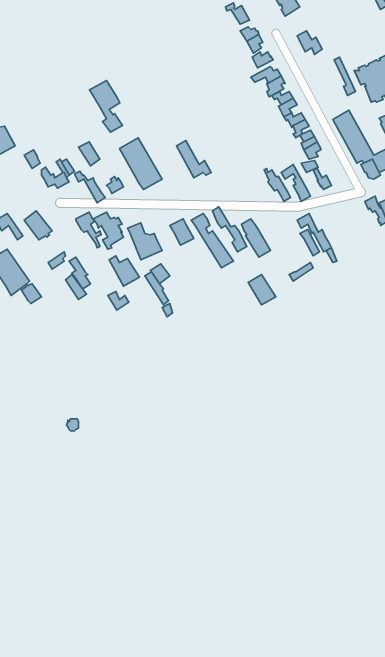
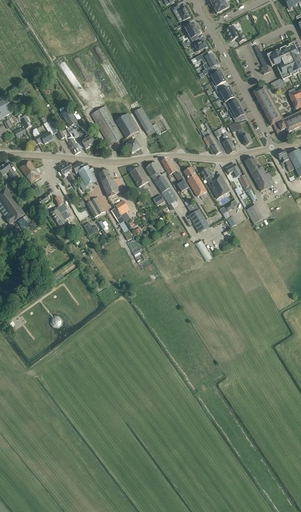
building: [89,80,123,132] -> [115,113,140,152]
building: none -> [244,156,274,190]
building: none -> [200,167,229,197]

